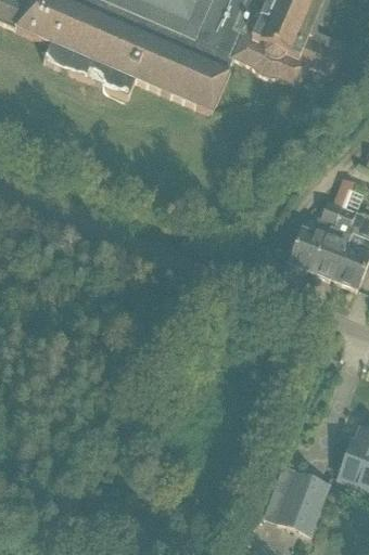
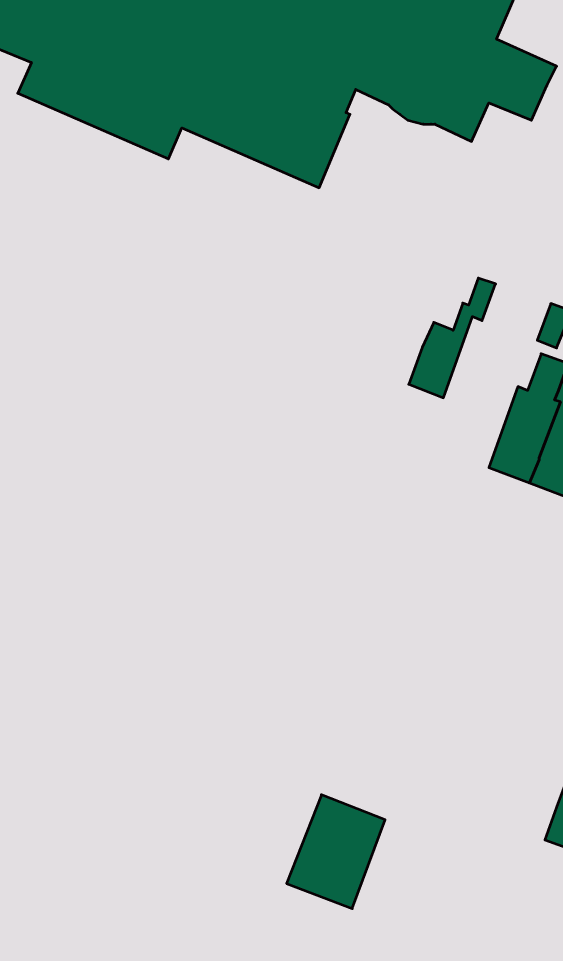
building: [287,201,335,268] -> [409,278,496,398]
building: [272,467,328,531] -> [287,795,385,909]

